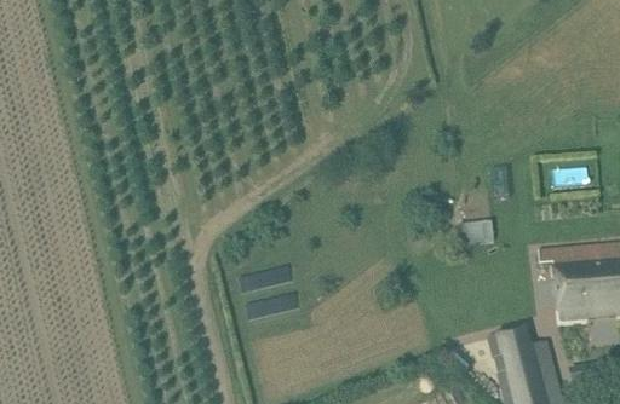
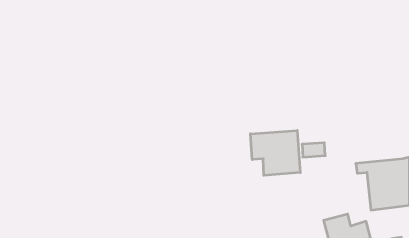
building: none -> [250,130,300,175]

